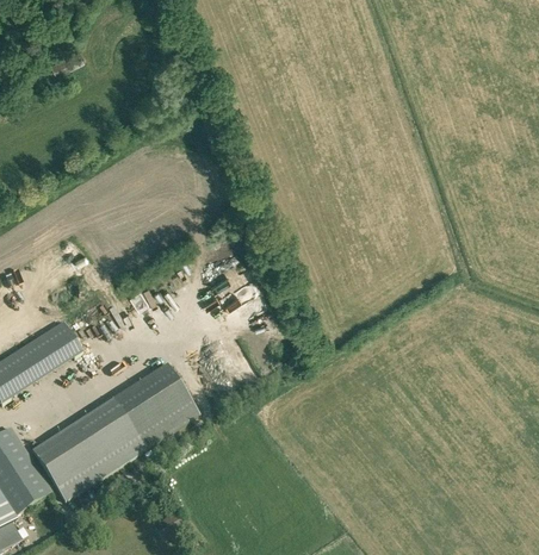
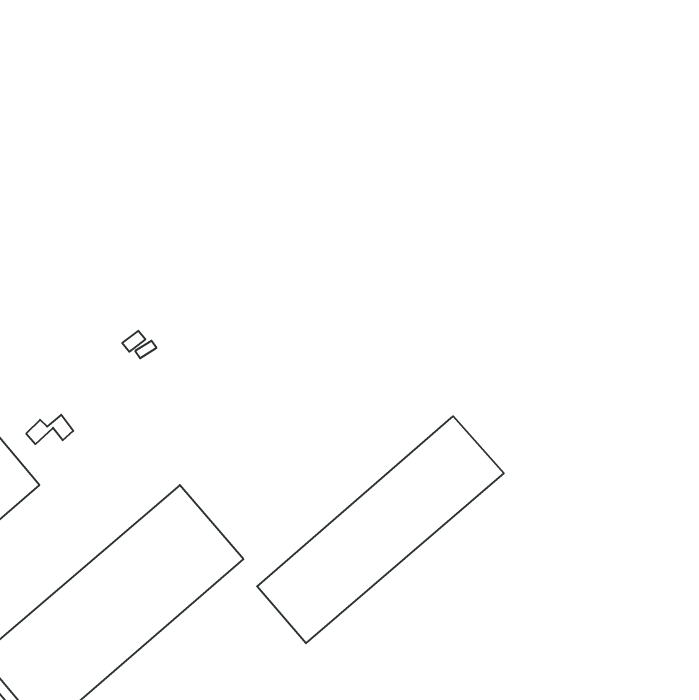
building: none -> [257,416,504,643]

